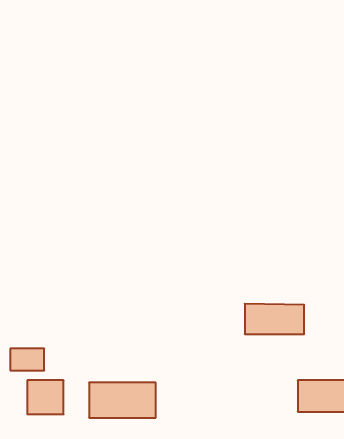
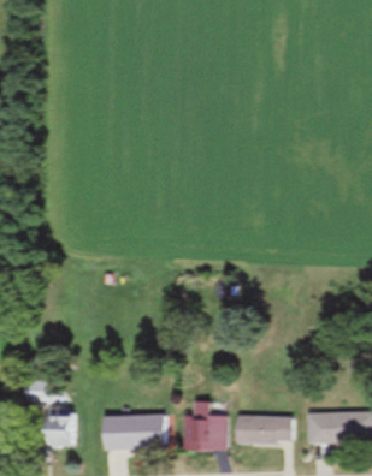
building: [245,304,304,334] -> [237,416,296,446]
building: none -> [184,403,228,451]

